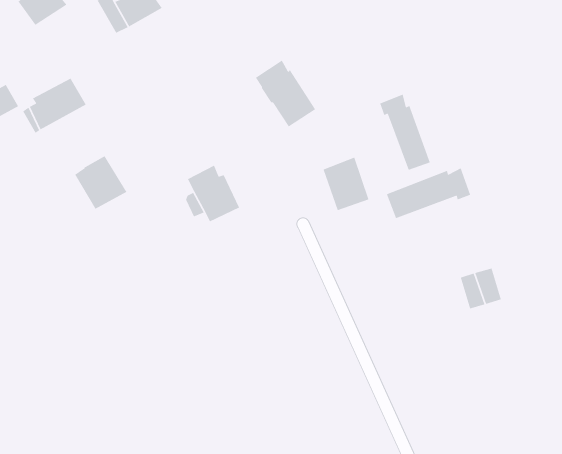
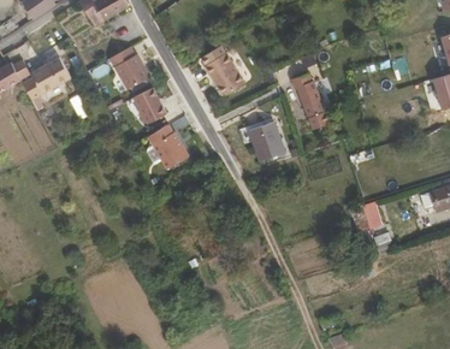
building: none -> [111,45,150,89]
building: [74,155,128,210] -> [128,84,167,125]
building: [386,167,471,219] -> none

